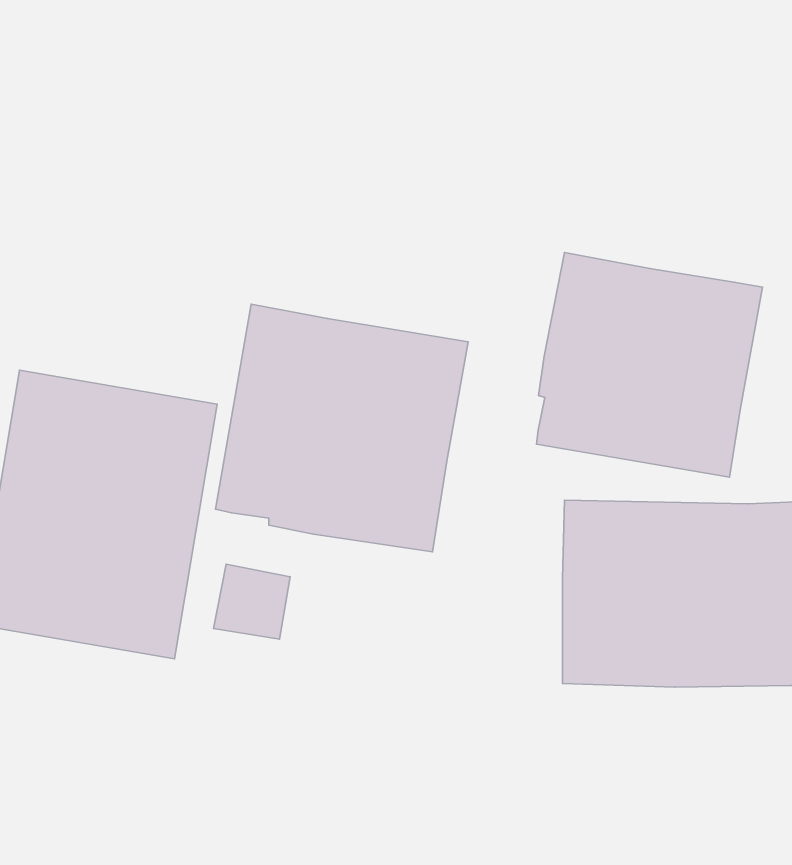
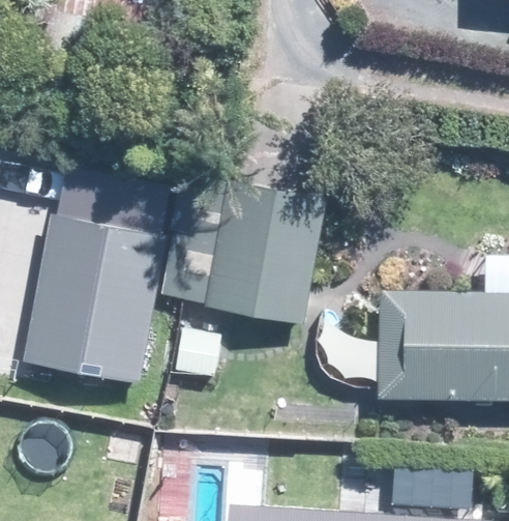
building: [537,253,762,477] -> none

